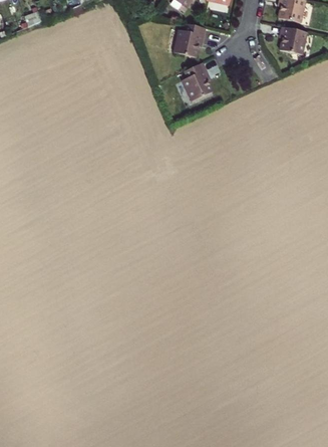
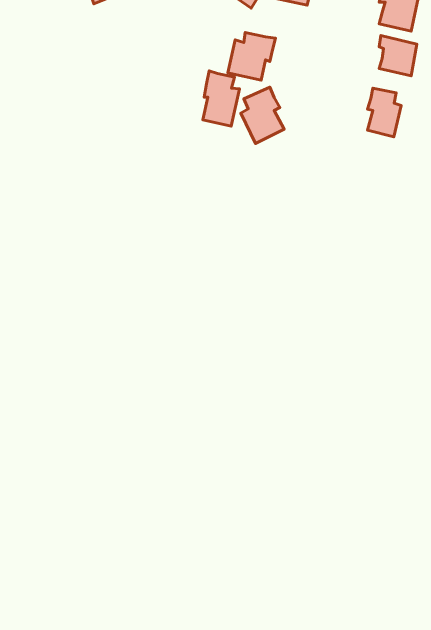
building: none -> [203,71,239,126]
building: none -> [367,88,401,137]

